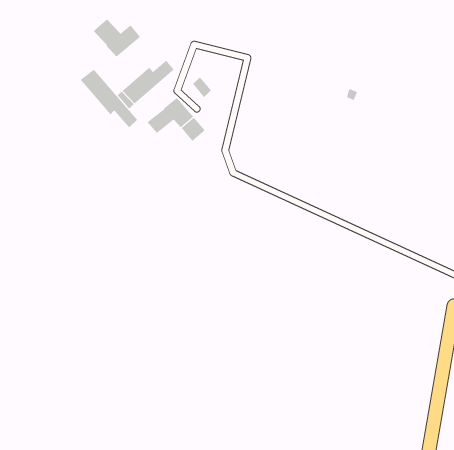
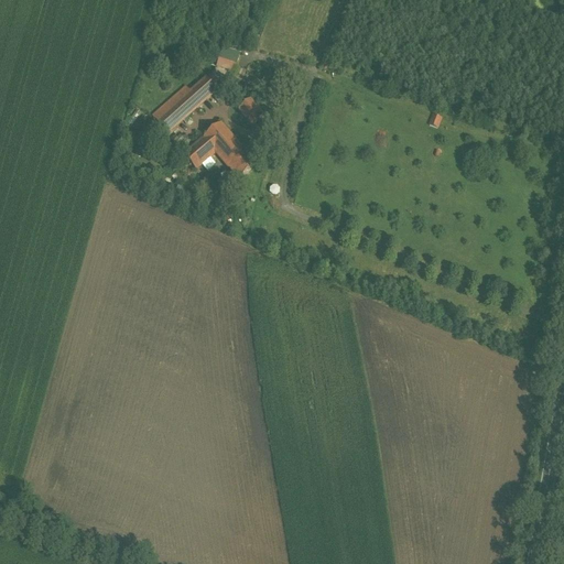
building: [93,19,141,58] -> none
building: [80,69,138,128] -> none

